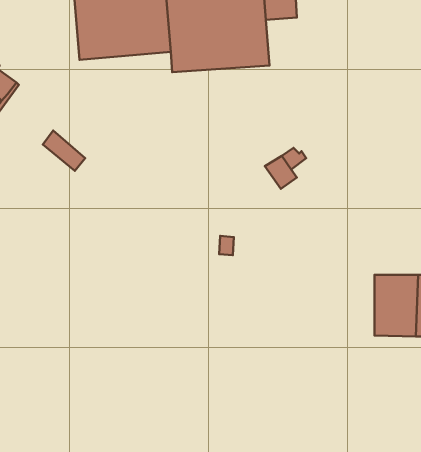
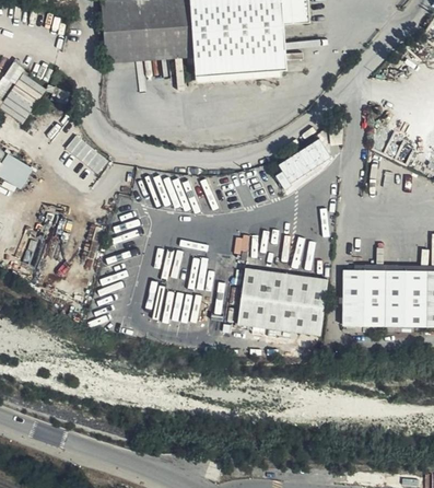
building: none -> [236,267,328,336]
building: none -> [342,268,386,327]

